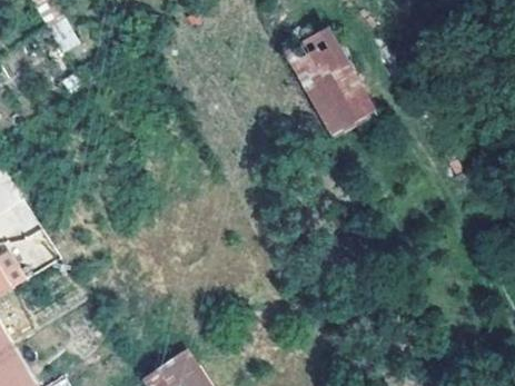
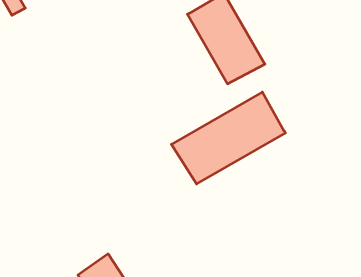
building: none -> [171,92,285,184]

